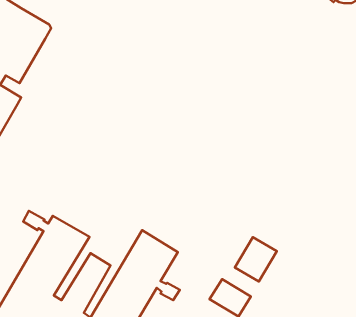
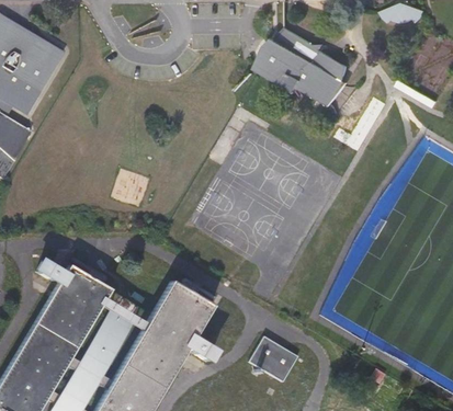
building: none -> [259,28,348,106]
building: [235,237,277,281] -> none

